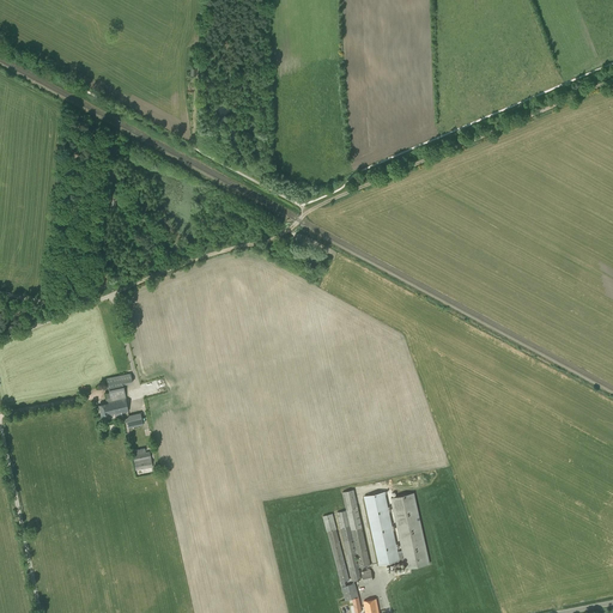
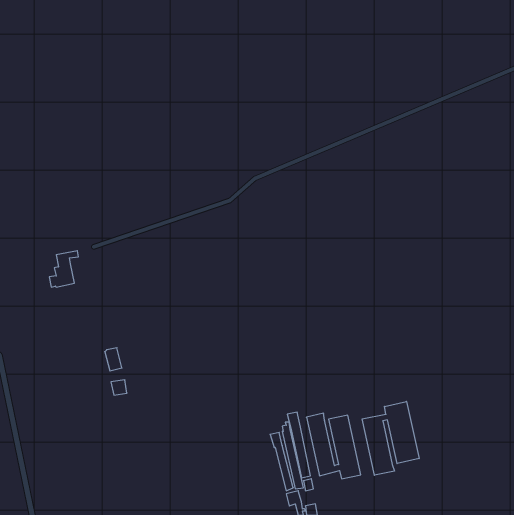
building: [97,374,132,417] -> [49,251,78,287]
building: none -> [362,401,419,475]

